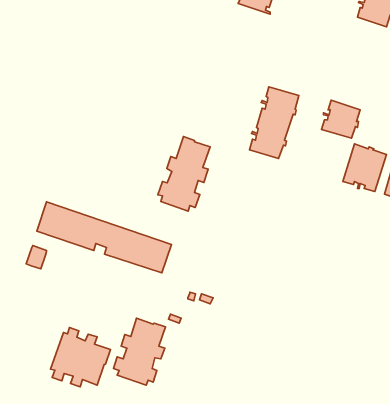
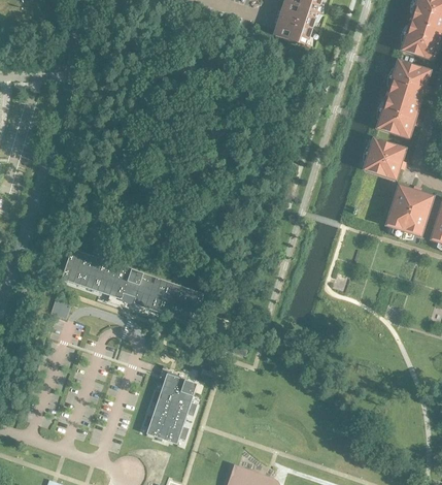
building: [250,87,299,159] -> [376,61,429,137]
building: [158,137,210,211] -> none
building: [51,327,111,387] -> none

